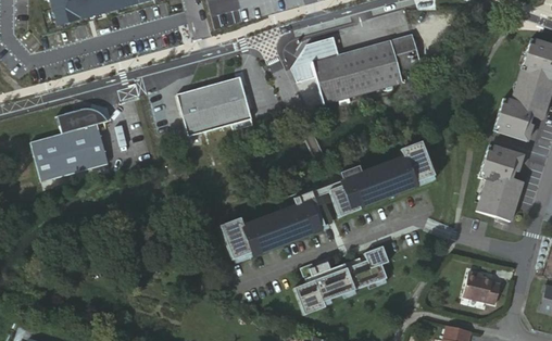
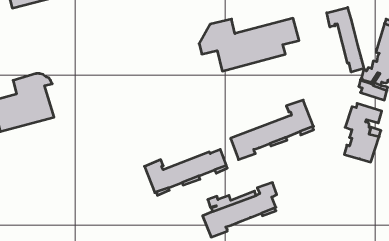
building: none -> [327,7,364,72]
building: [174,75,249,136] -> none
building: [244,155,410,229] -> none
building: [464,269,502,302] -> none

